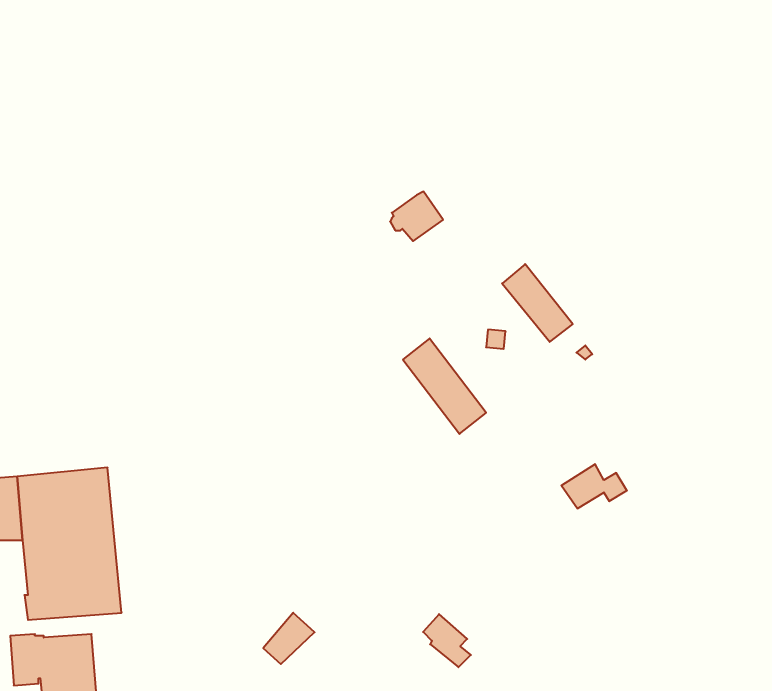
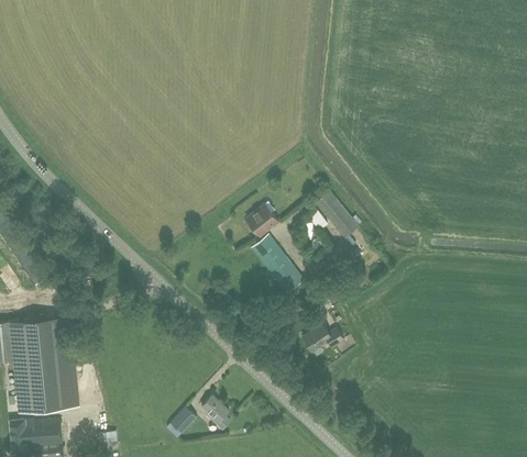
building: [390,192,443,241] -> [244,204,277,235]
building: [561,464,627,508] -> [301,323,342,350]
building: [423,614,471,667] -> [200,395,230,428]

